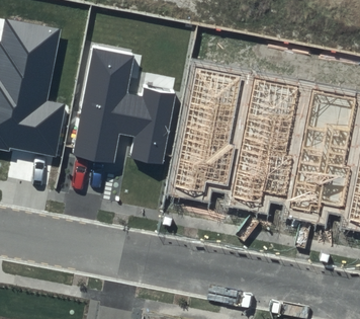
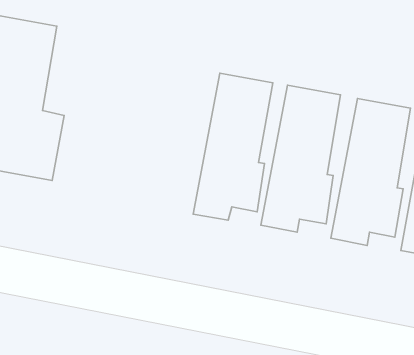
building: [73,48,176,164] -> none

